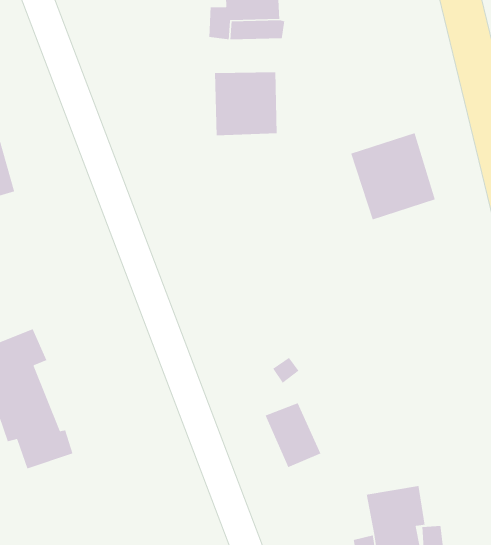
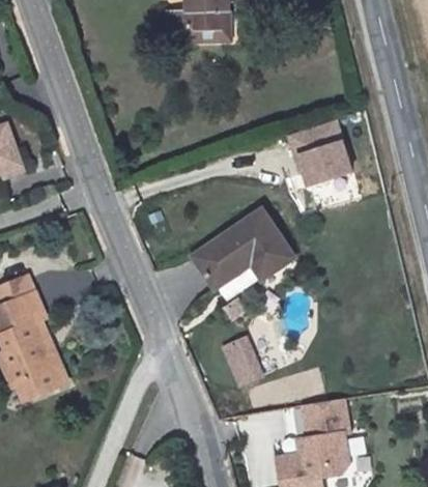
building: [214,71,277,136] -> none
building: none -> [194,210,295,288]

